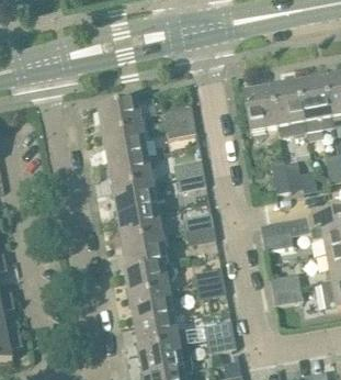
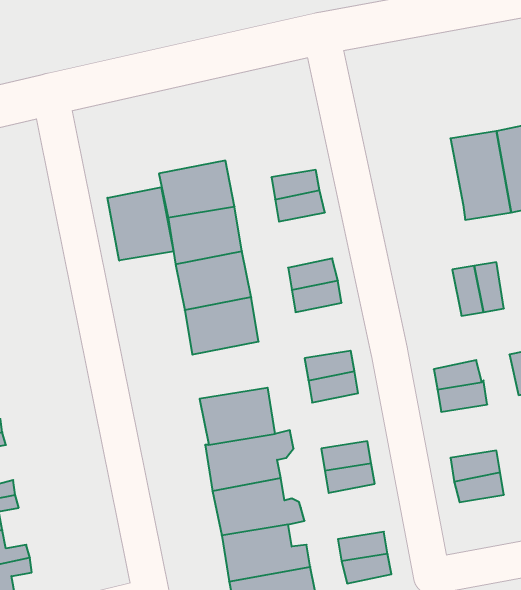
building: [243,89,279,133] -> none
building: none -> [107,187,174,261]
building: [117,210,162,244] -> none

